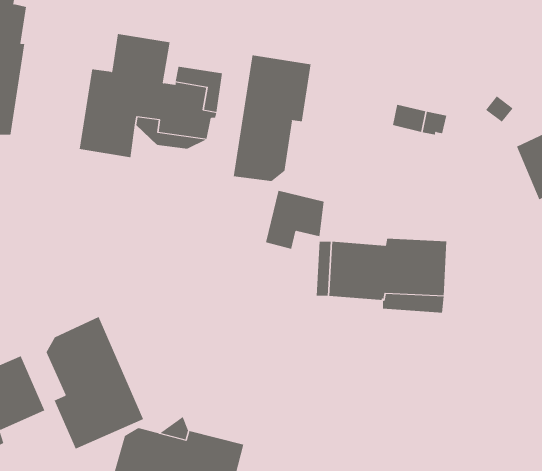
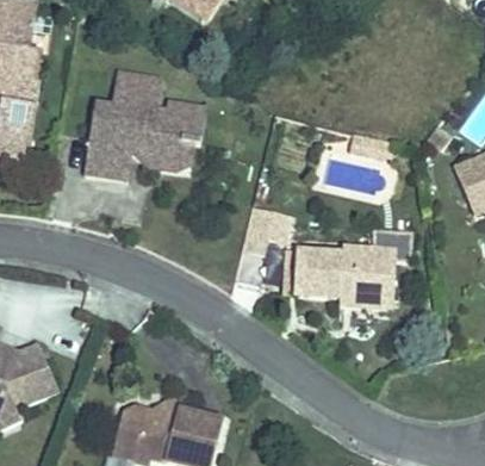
building: [233,55,311,182] -> none
building: [46,316,144,449] -> none

